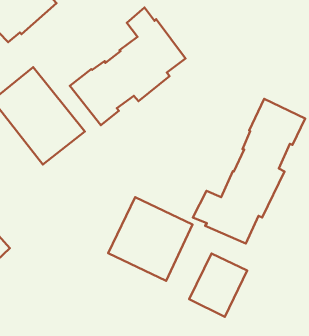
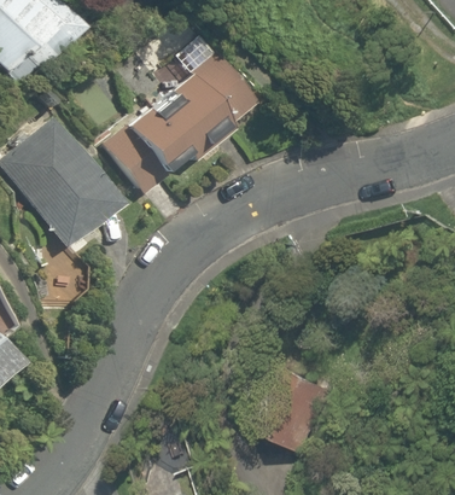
building: [193,99,305,243] -> none
building: [108,197,192,281] -> none

